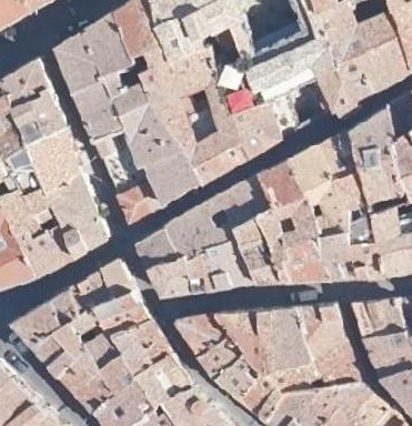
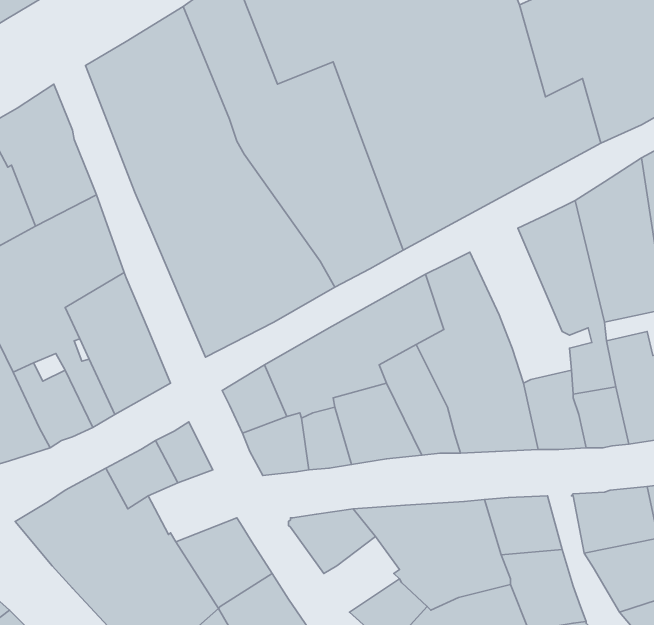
building: [289,146,350,240] -> none
building: [96,292,149,335] -> none
building: [201,332,247,377] -> none

